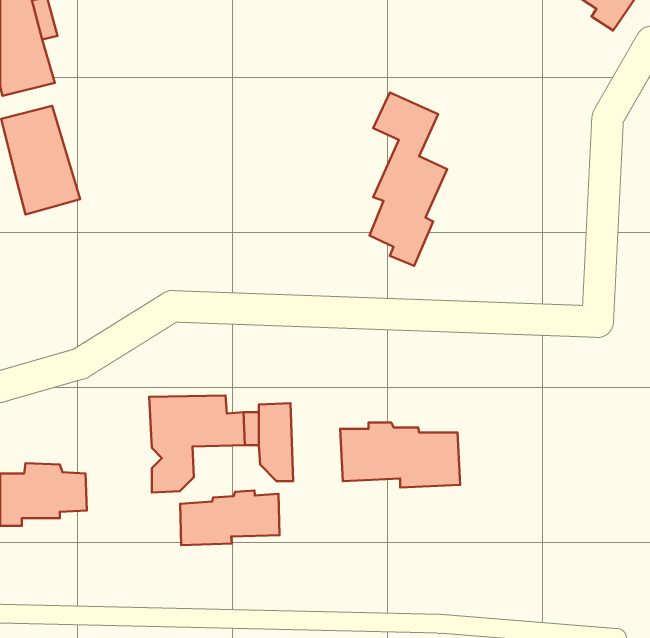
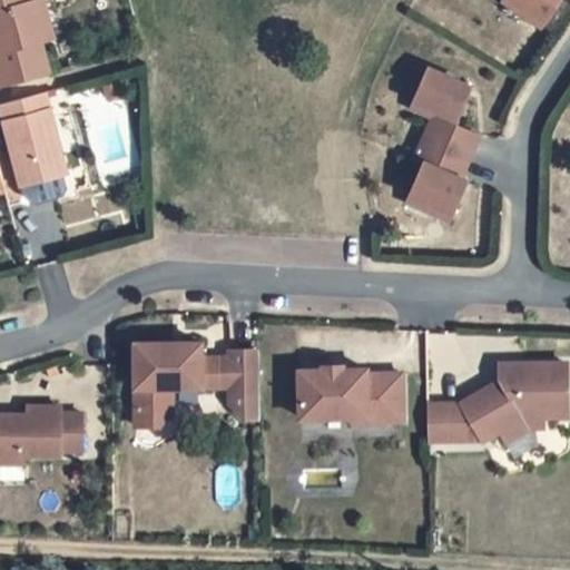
building: [369,92,447,266] -> [406,69,474,220]
building: none -> [423,363,563,443]
building: [180,490,280,545] -> none

